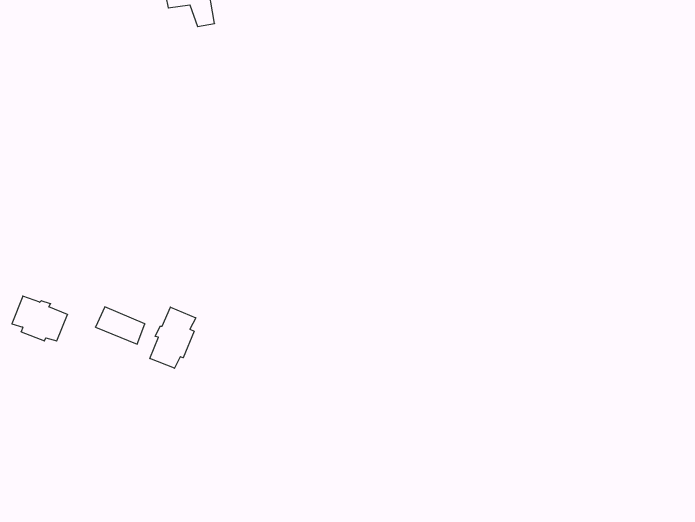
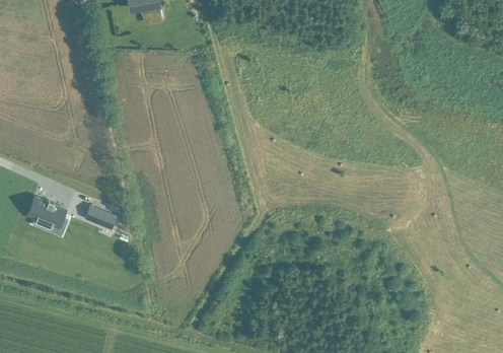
building: [150,307,196,368] -> none

